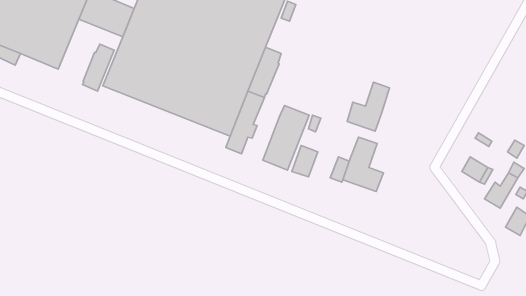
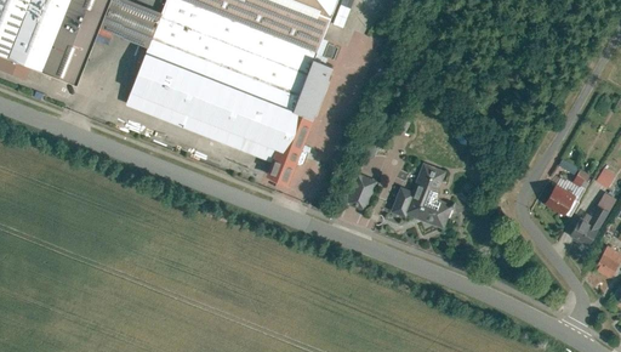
building: [83,44,114,91] -> none
building: [347,82,389,131] -> none
building: [263,105,309,170] -> none

